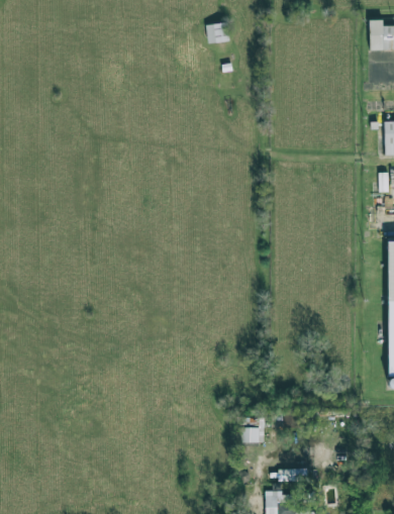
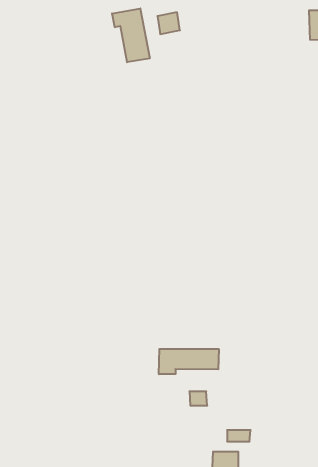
building: none -> [112,8,150,62]
building: none -> [159,349,219,374]

